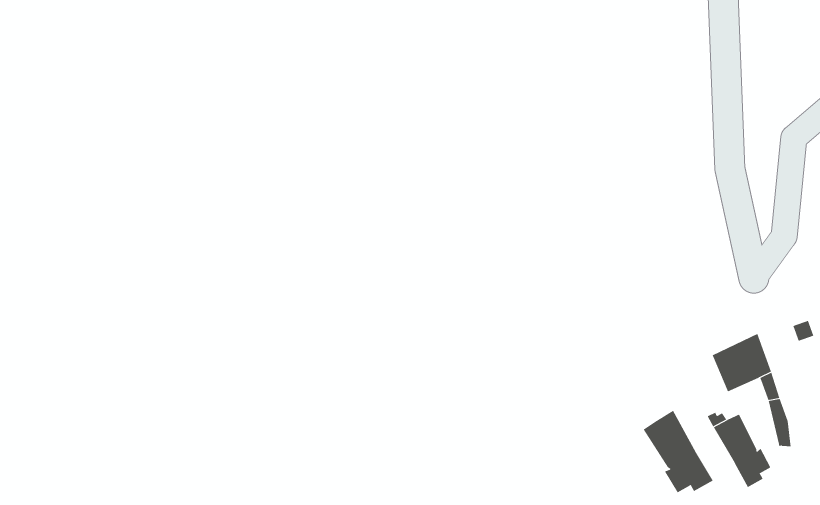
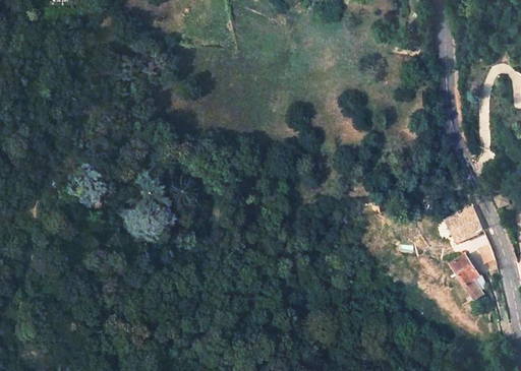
building: [643,410,713,493] -> none

